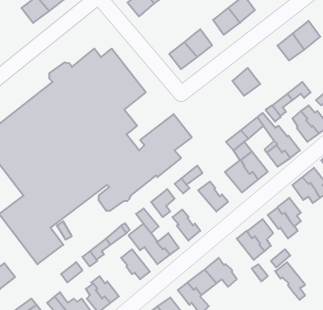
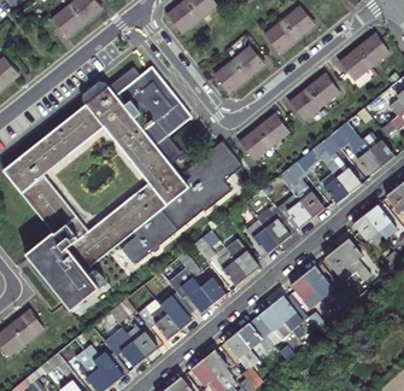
building: none -> [303,78,335,110]
building: none -> [236,116,286,162]
building: none -> [260,209,297,243]
building: none -> [227,238,262,275]
building: none -> [141,303,182,342]
building: [275,262,305,300] -> [270,296,304,338]

